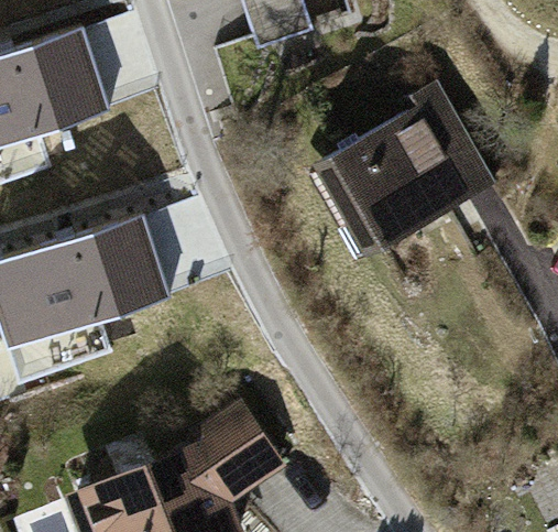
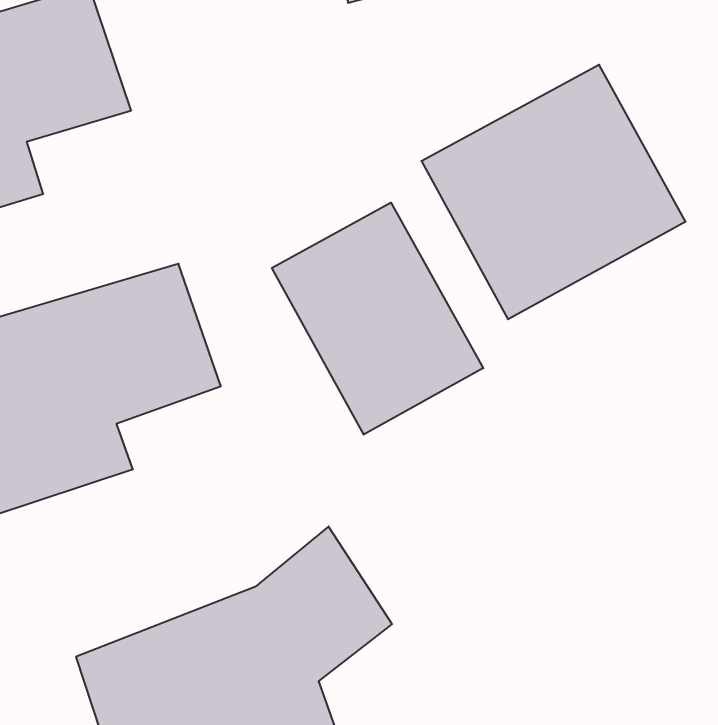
building: none -> [272,203,483,435]

